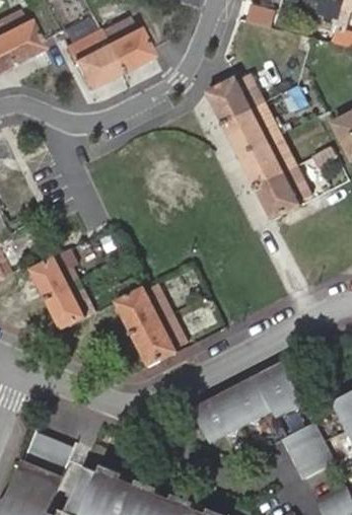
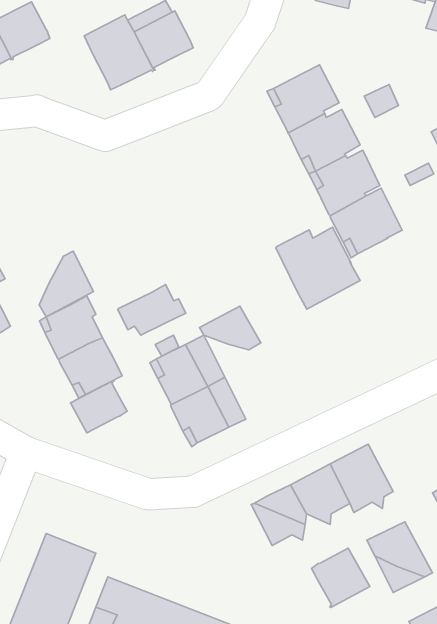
building: none -> [276,227,360,309]
building: none -> [39,251,94,317]
building: none -> [118,284,186,335]
building: none -> [199,306,261,350]
building: none -> [70,381,127,433]
building: none -> [311,548,370,607]

